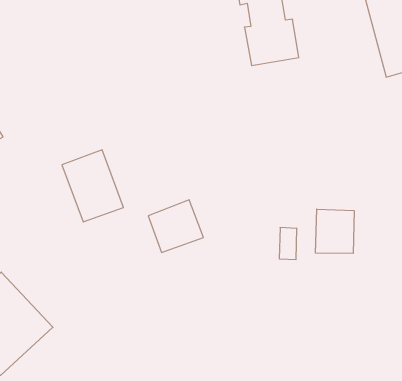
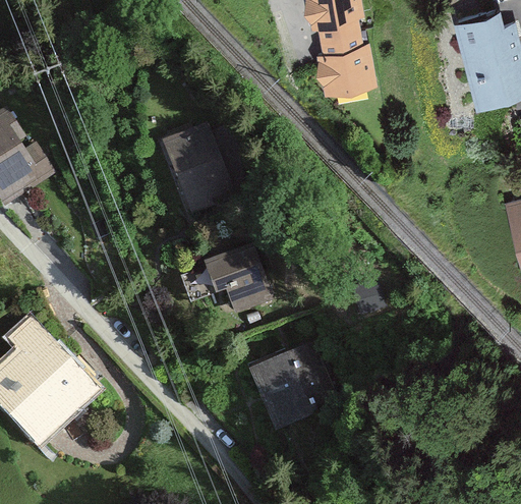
building: [62,150,123,222] -> [163,125,233,208]
building: [316,209,354,253] -> none
building: none -> [249,341,341,430]

